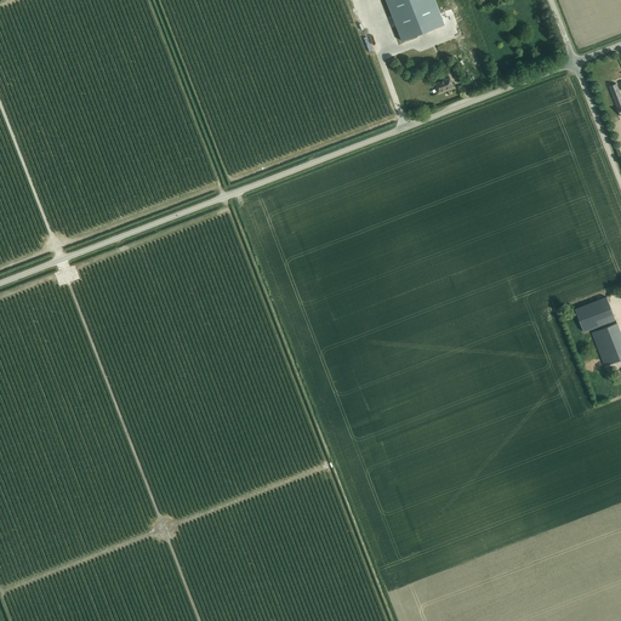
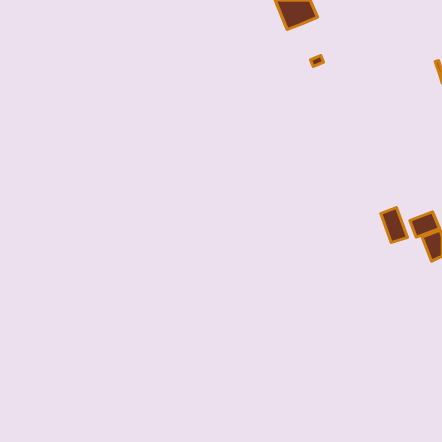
building: none -> [381,208,407,242]

